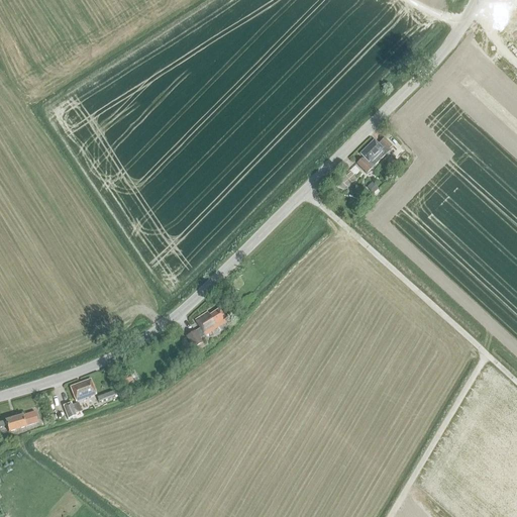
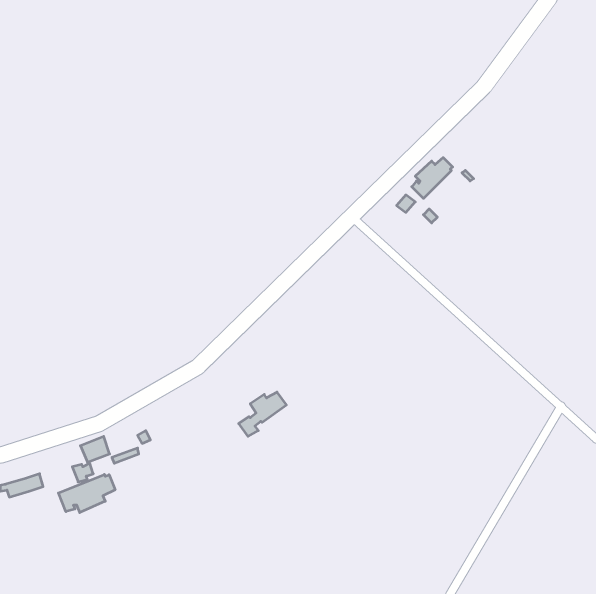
building: [185,308,226,346] -> [239,392,286,436]
building: none -> [58,474,115,513]

